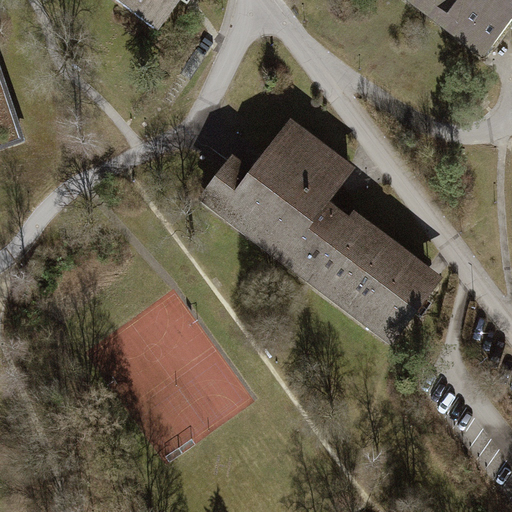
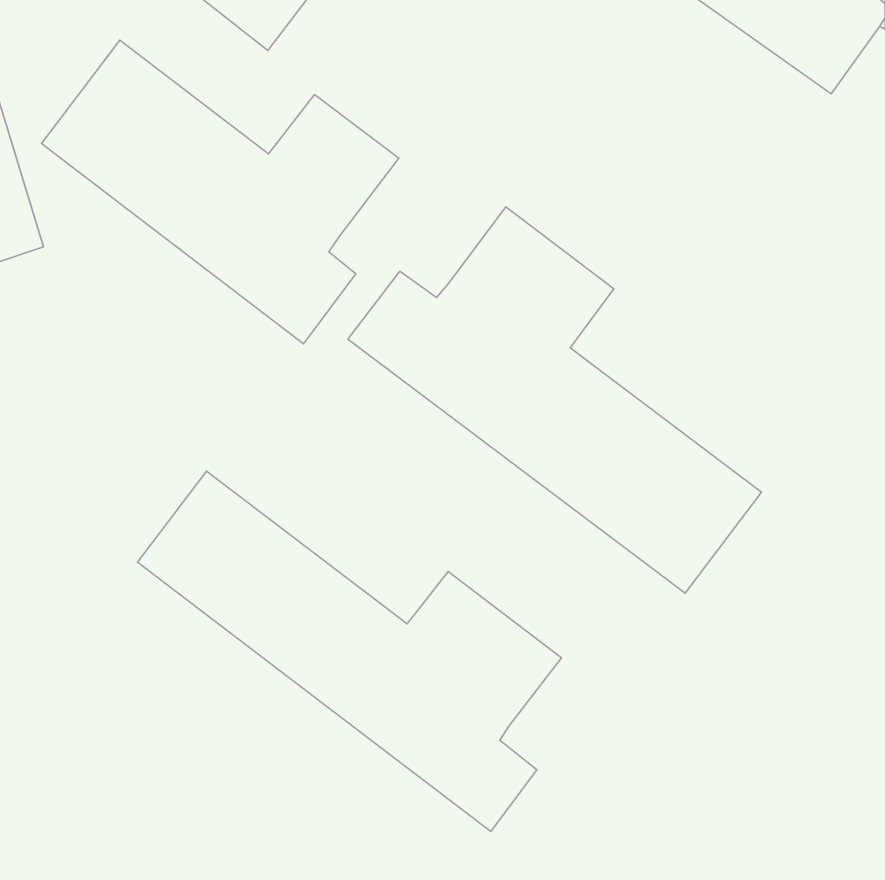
building: none -> [42,40,399,344]
building: none -> [137,471,562,832]

